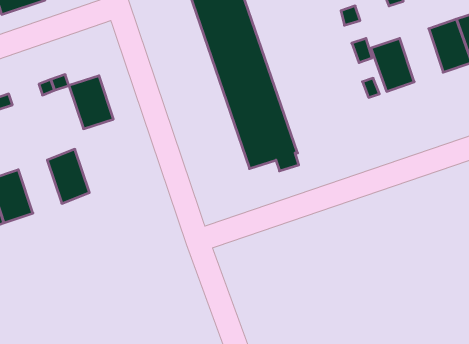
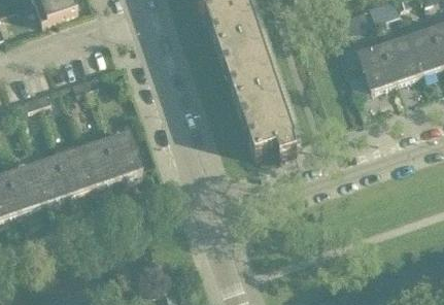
building: none -> [383,34,420,79]
building: [69,76,113,129] -> [105,129,143,174]
building: none -> [57,146,94,192]

